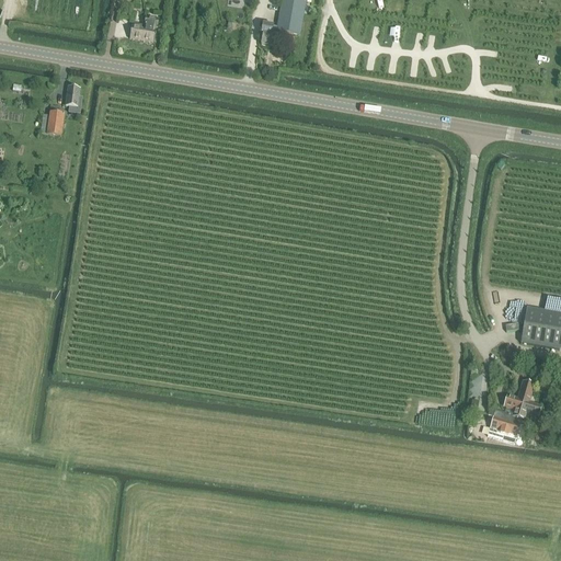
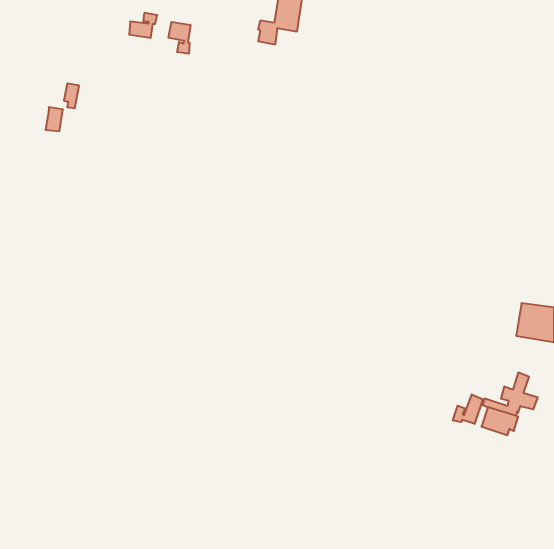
building: none -> [168,22,190,54]
building: none -> [453,394,483,424]

